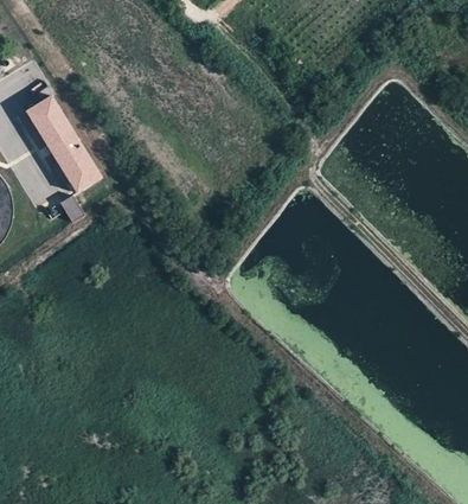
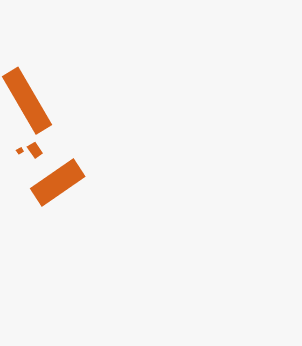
building: none -> [28,157,87,208]

